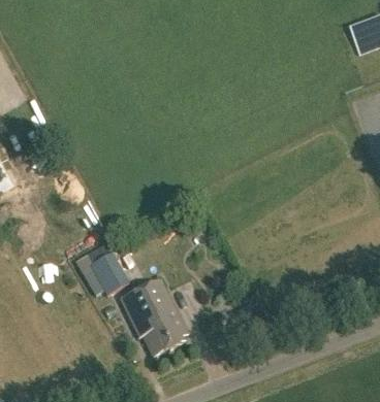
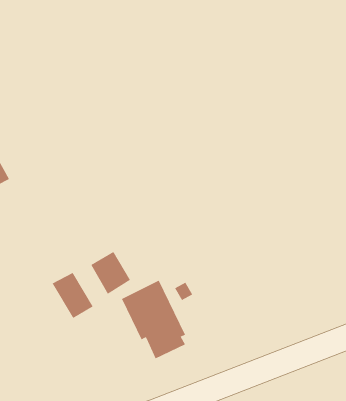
building: none -> [52,272,93,319]

